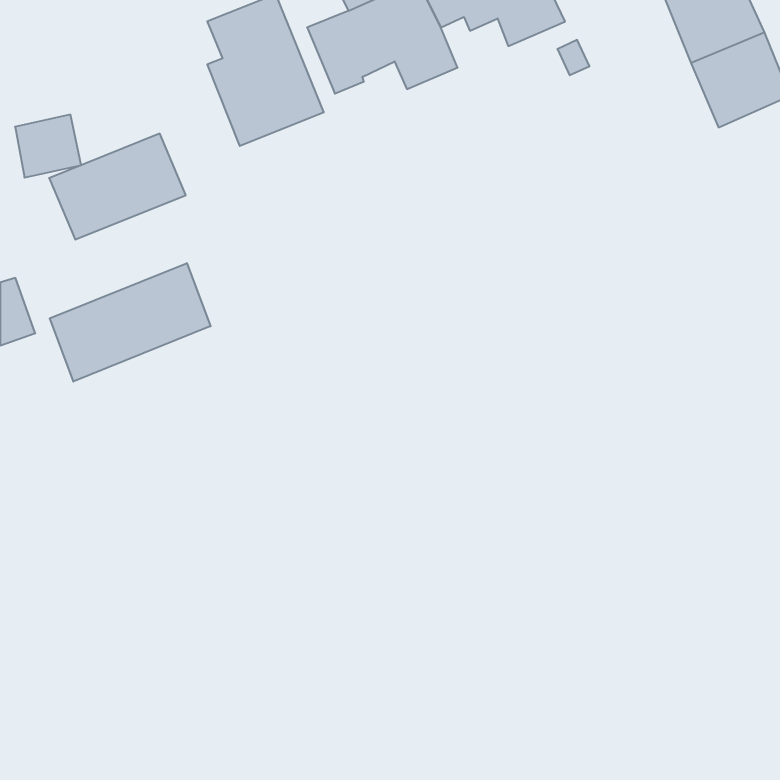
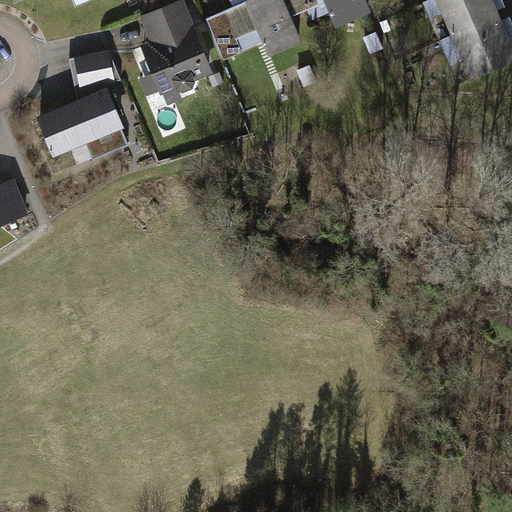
building: [15,115,81,178] -> [71,47,114,88]
building: [50,263,211,382] -> none

